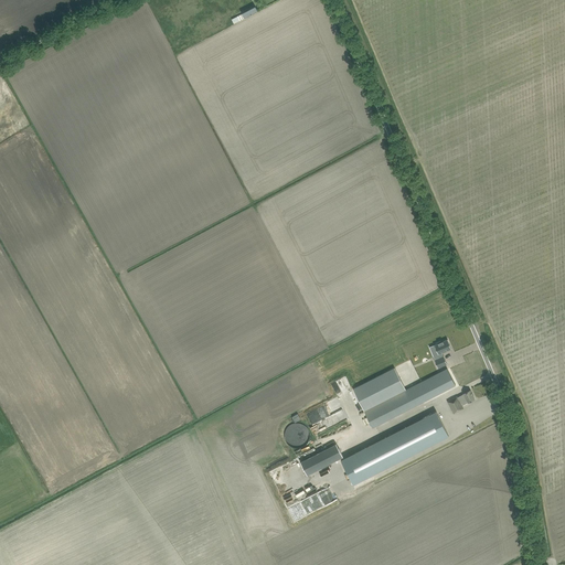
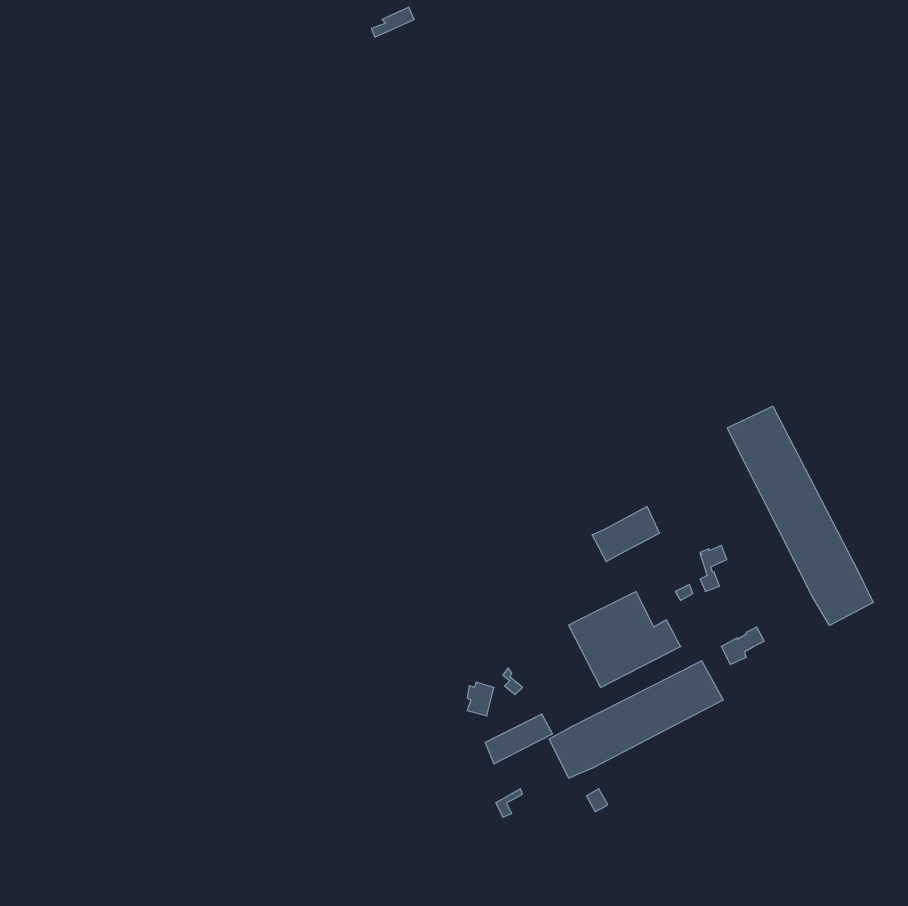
building: none -> [727,406,873,625]
building: [414,369,456,403] -> [592,506,660,562]

